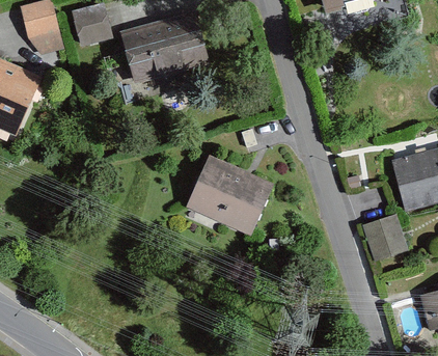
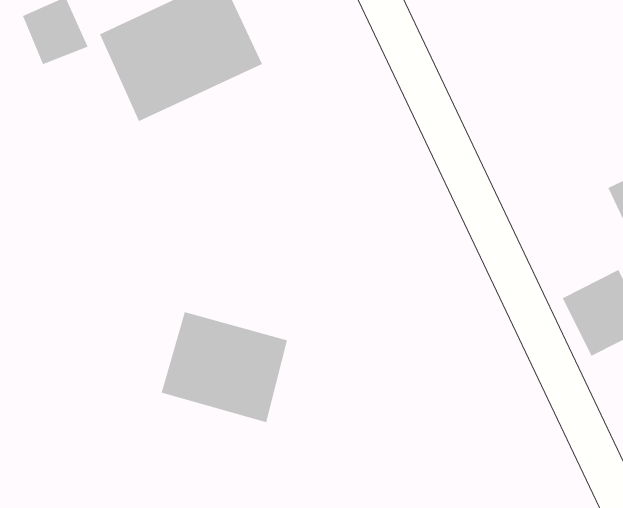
building: [192,160,270,231] -> [161,311,288,423]

